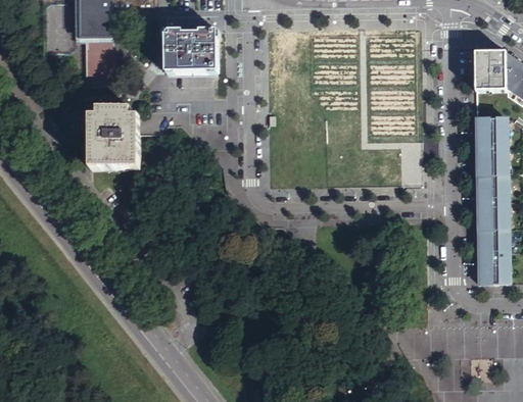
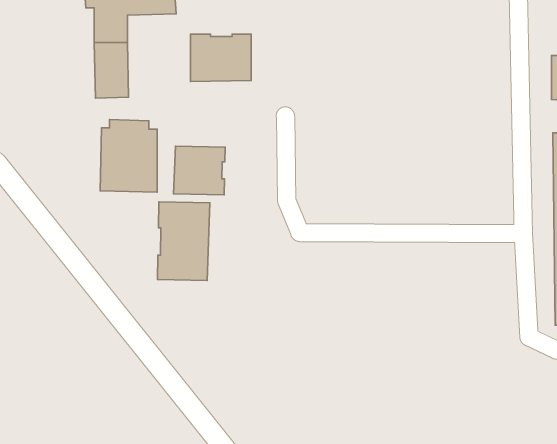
building: none -> [173,146,225,195]
building: none -> [157,202,210,280]

